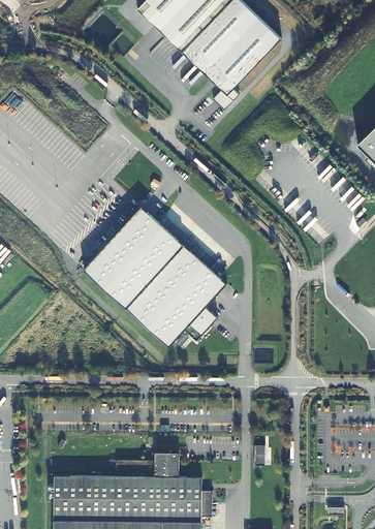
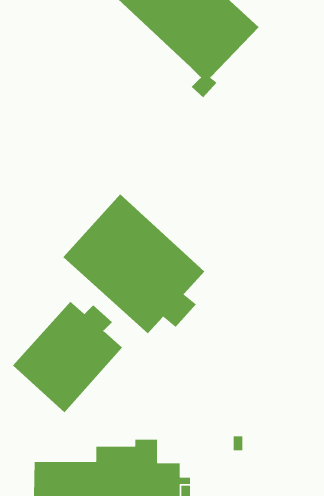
building: none -> [12,301,123,413]

